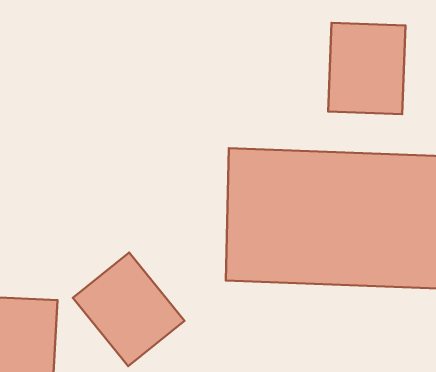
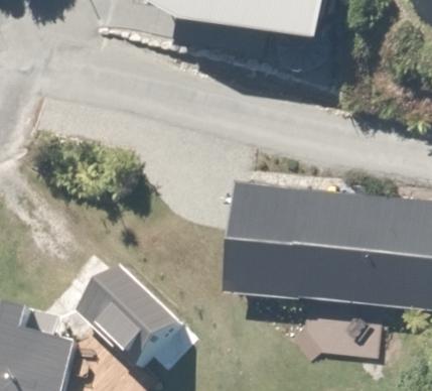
building: [328,23,406,114] -> none

